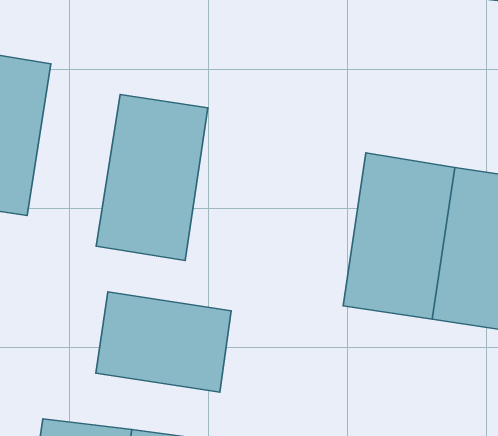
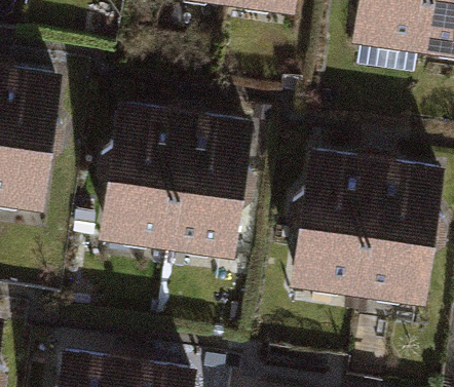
building: none -> [166,115,253,243]
building: [96,292,231,392] -> none

